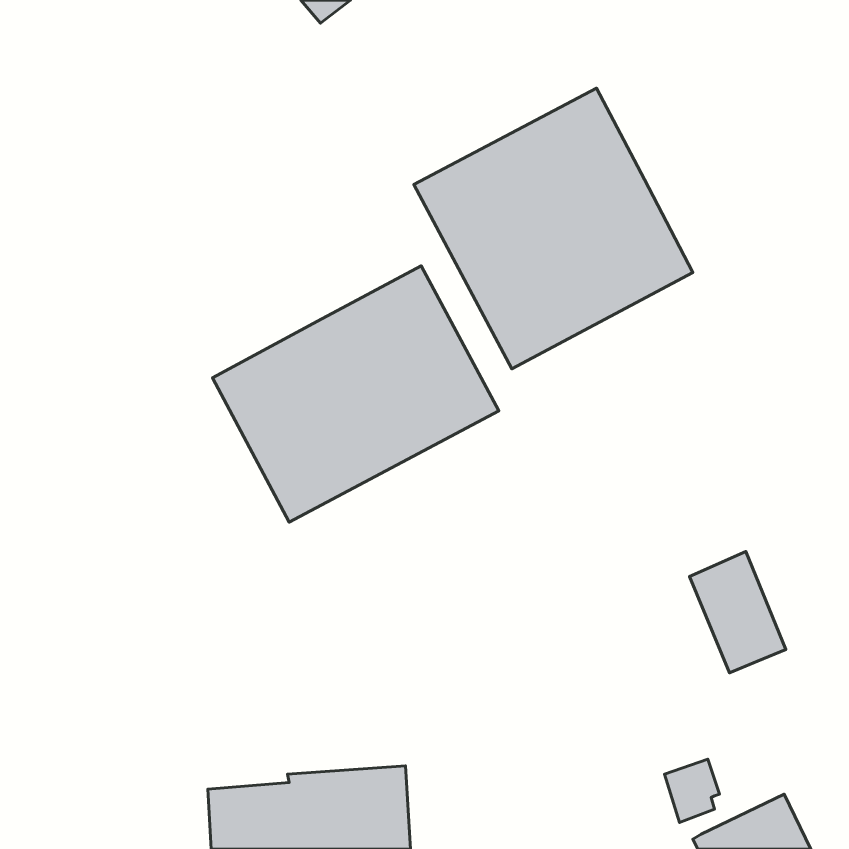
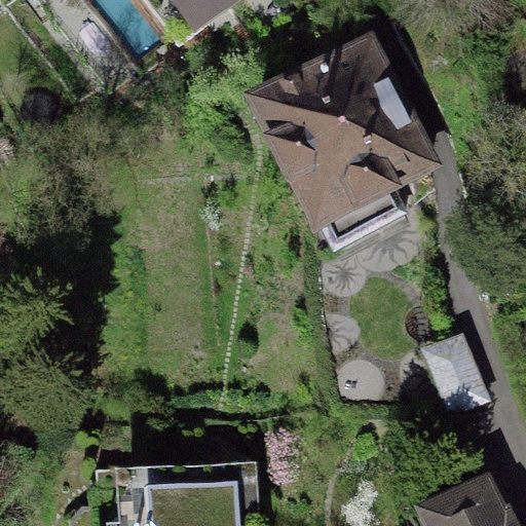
building: [213,266,499,522] -> none

